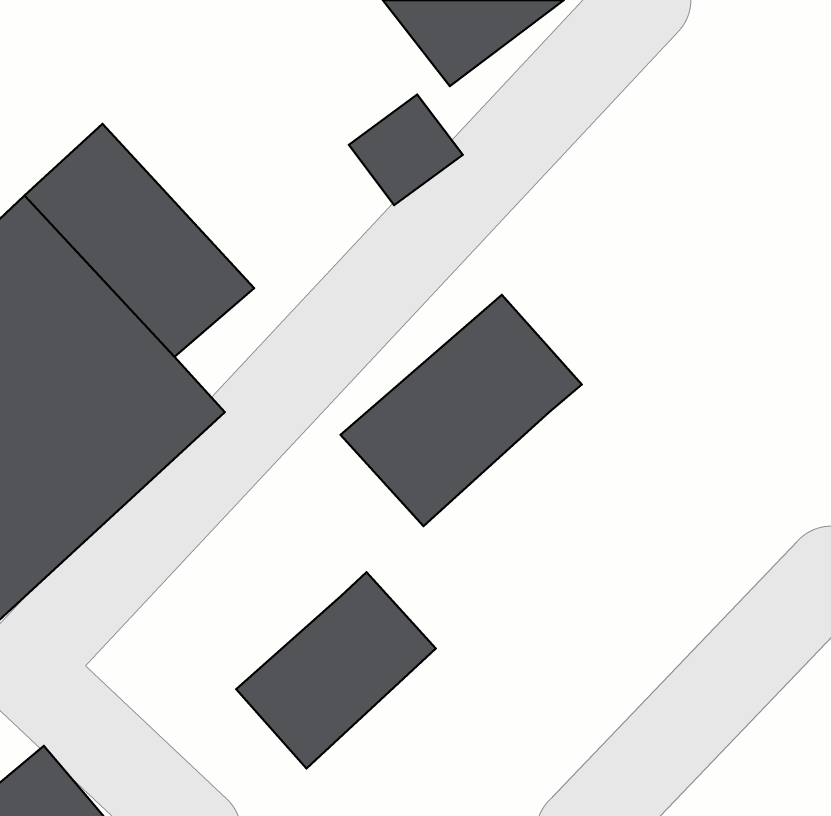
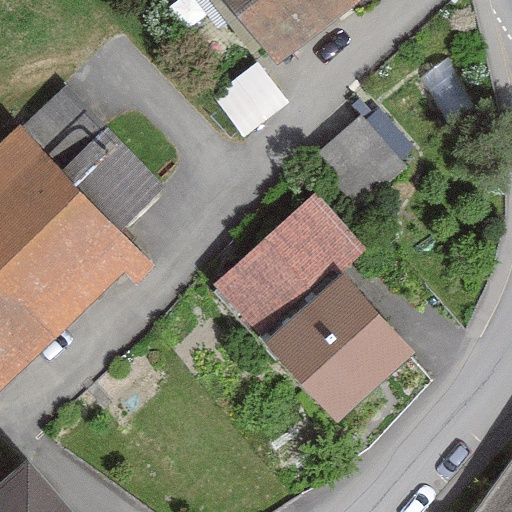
building: none -> [315,115,404,204]
building: none -> [260,263,410,413]
building: [236,572,436,769] -> none

